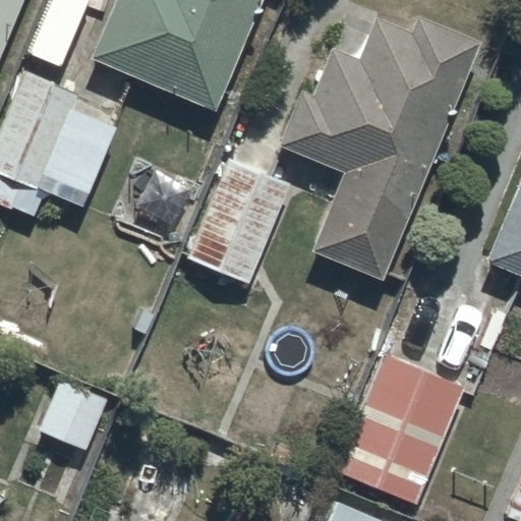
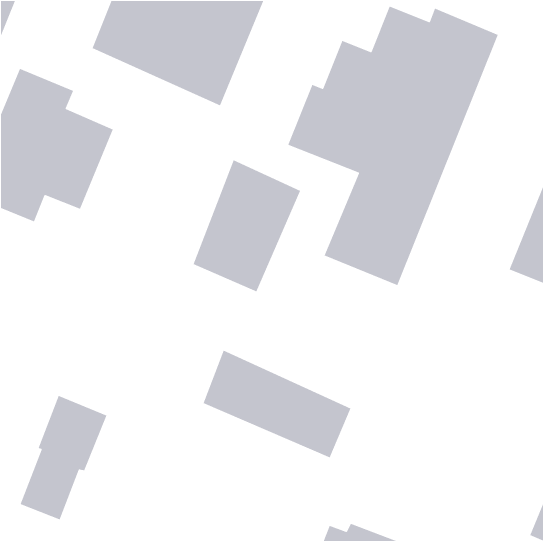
building: none -> [202,349,352,458]
building: [335,355,466,505] -> none

